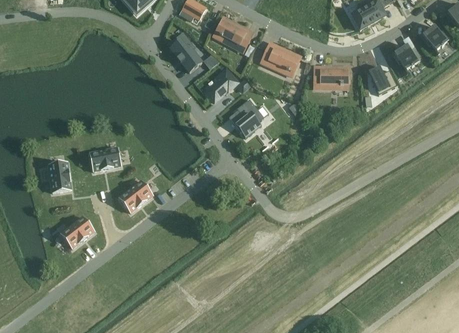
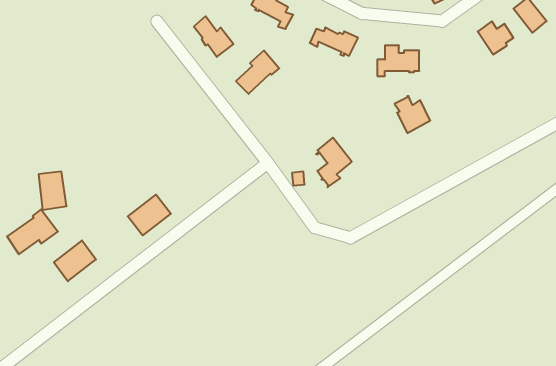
building: [368,66,396,95] -> [395,96,430,133]
building: [235,98,263,137] -> [316,138,352,187]
building: [89,147,120,171] -> none
building: none -> [7,209,58,254]

